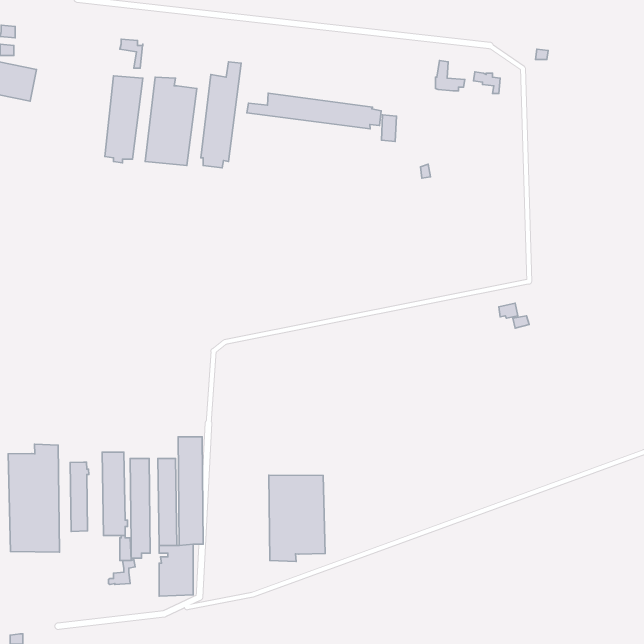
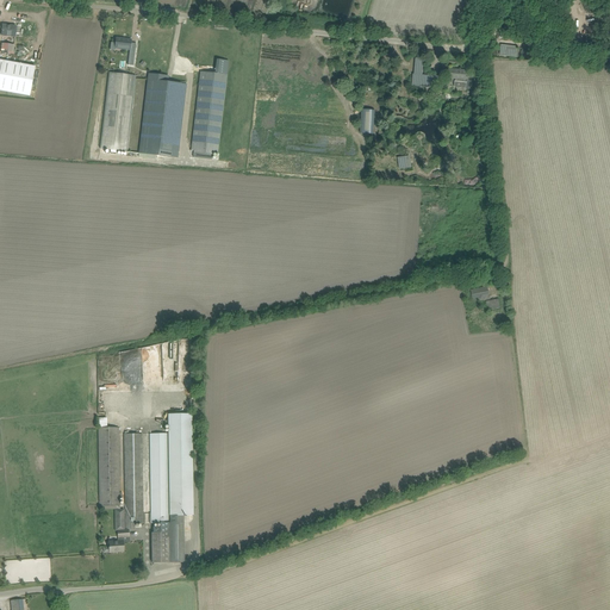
building: [247,93,381,129] -> none
building: [8,444,60,552] -> none
building: [70,462,89,531] -> none
building: [269,475,325,561] -> none

